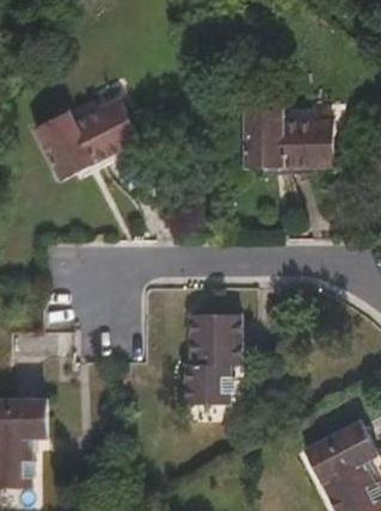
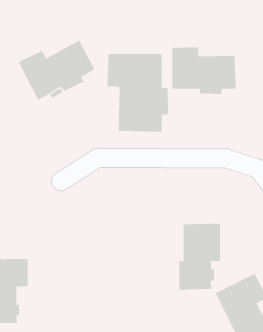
building: none -> [107,53,169,132]
building: [183,312,241,404] -> [178,223,221,290]

